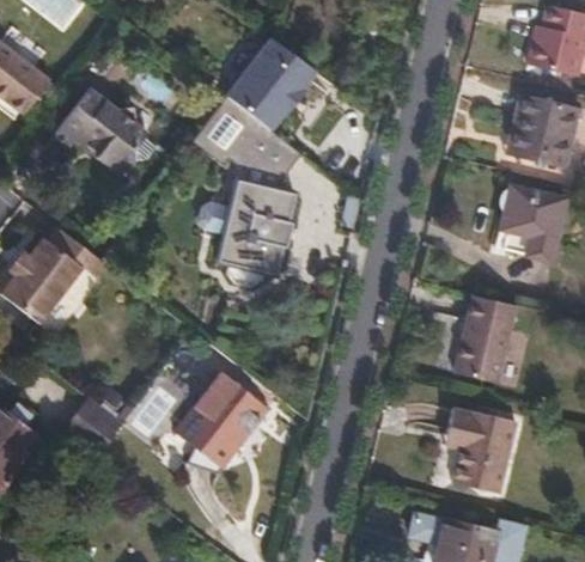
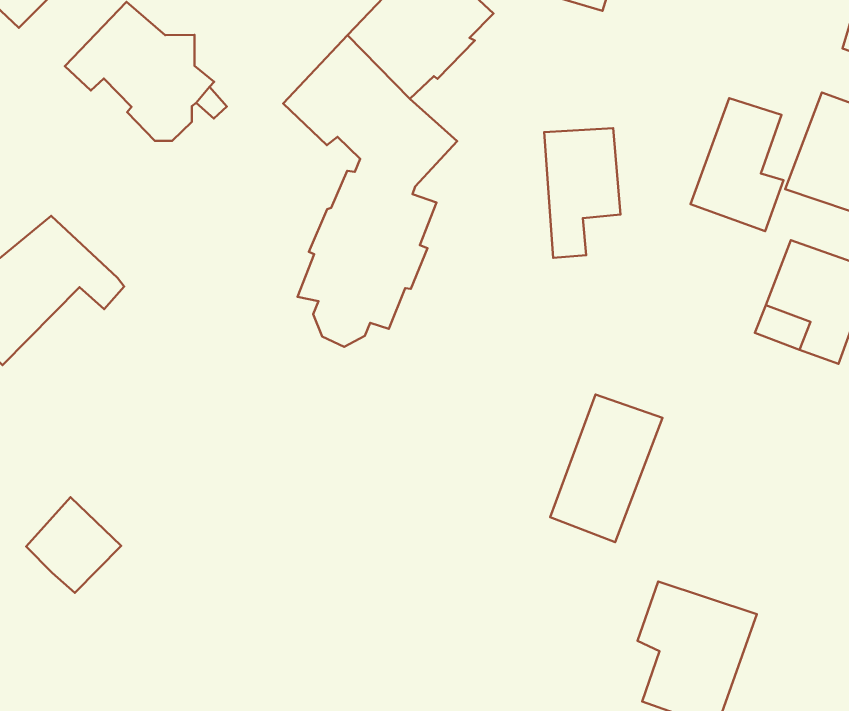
building: none -> [690,98,783,231]
building: none -> [544,128,621,258]
building: [457,294,519,384] -> [550,394,663,542]
building: [175,369,268,468] -> none

